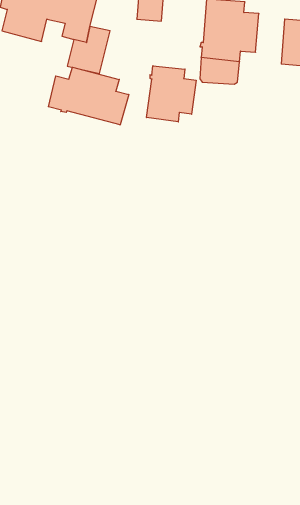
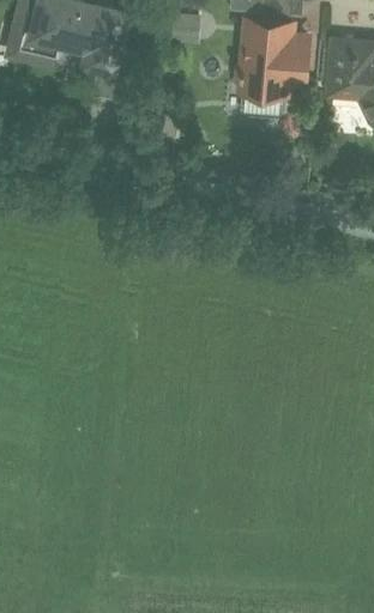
building: [147,66,196,122] -> none
building: [48,67,129,125] -> none

